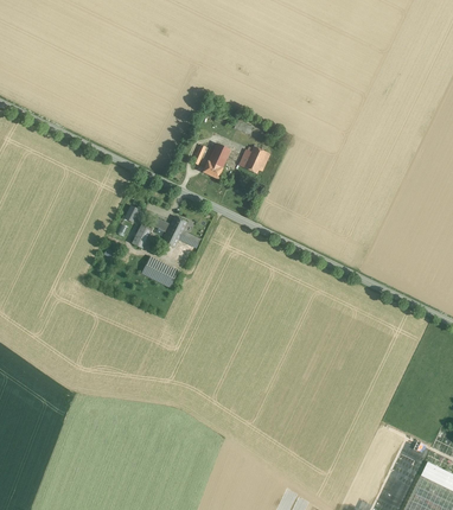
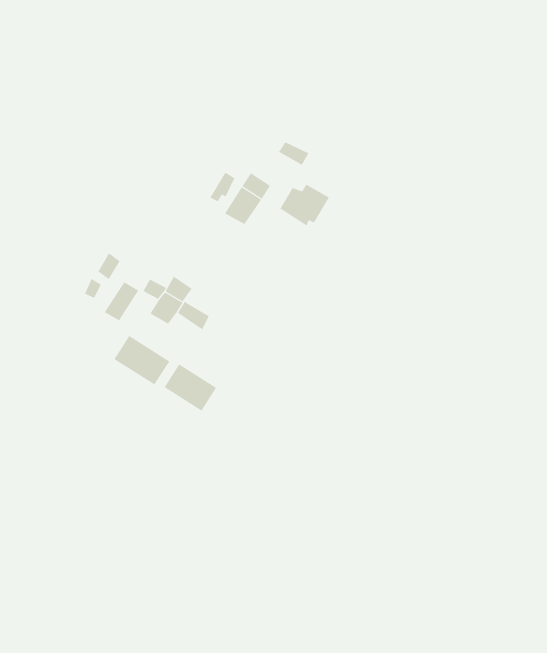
building: none -> [164,364,217,412]

